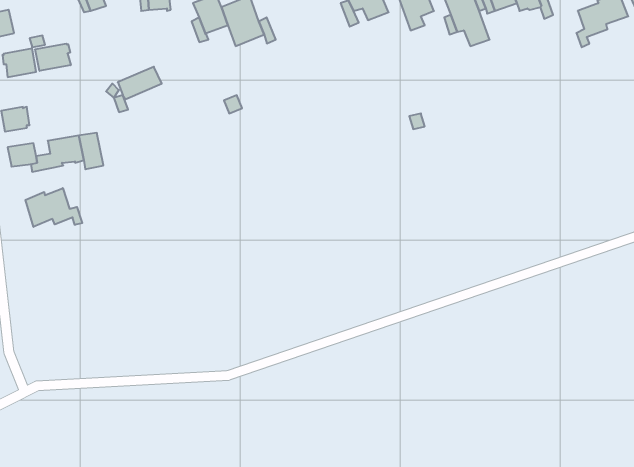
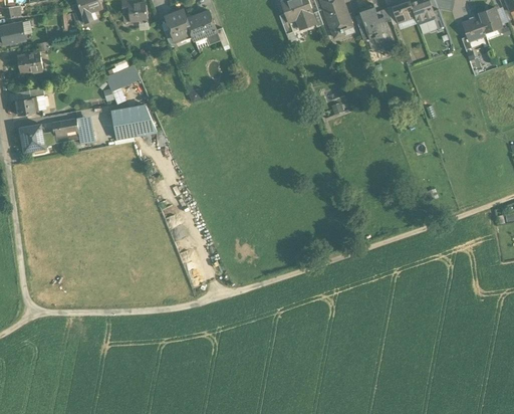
building: [35,44,71,71] -> none
building: none -> [110,106,156,139]
building: [25,188,82,227] -> none

